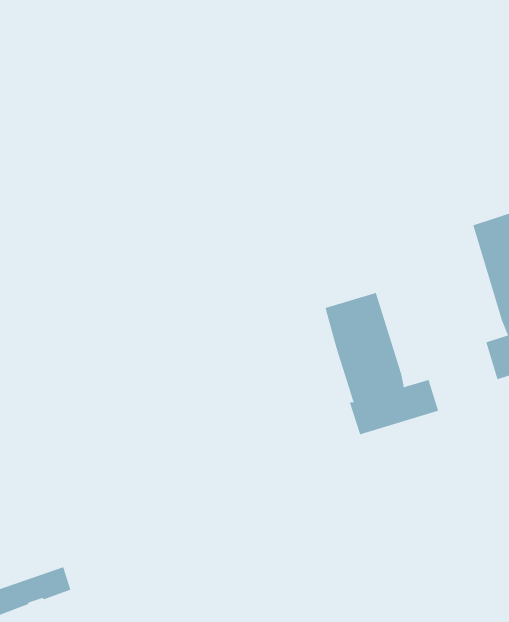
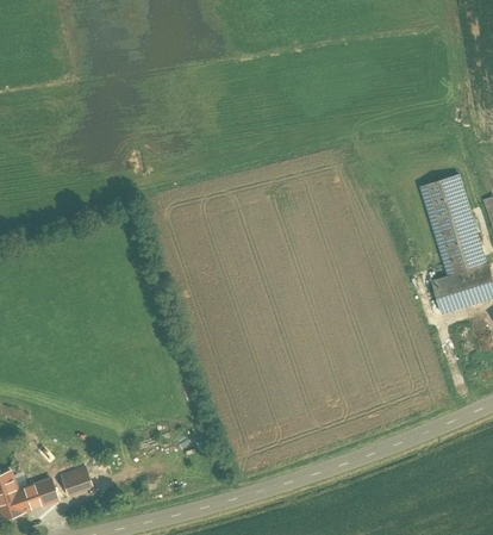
building: [325,292,439,435] -> none

